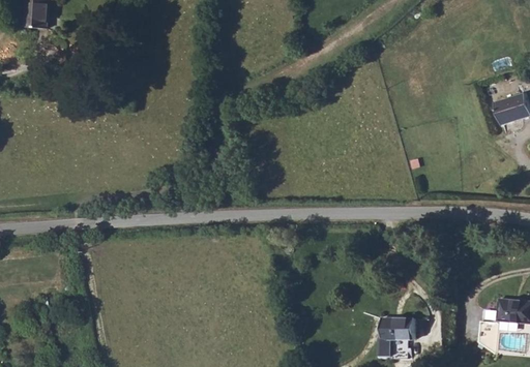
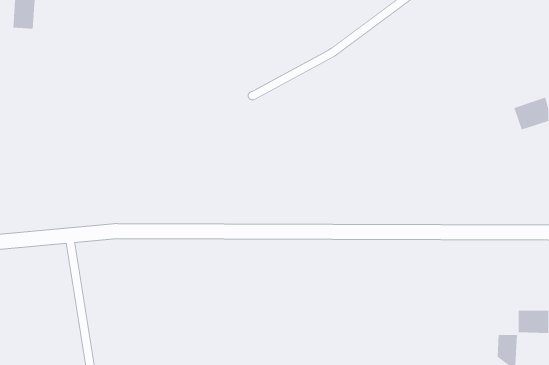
building: [379,314,414,342] -> none

